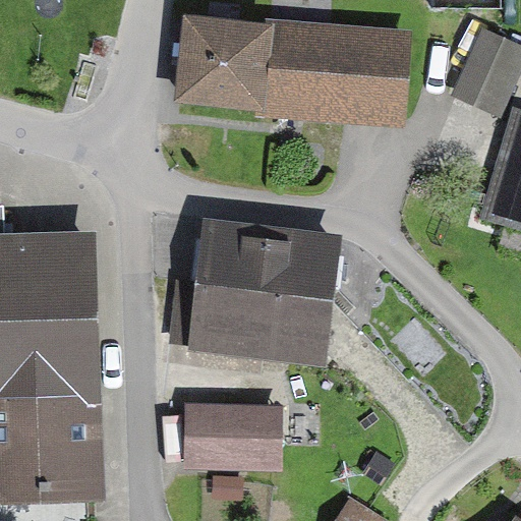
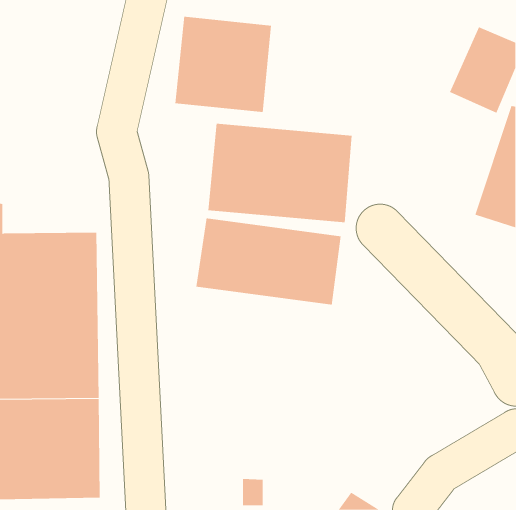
building: [265,25,410,125] -> [208,123,353,223]
building: [187,288,334,369] -> none
building: [186,402,285,465] -> none

